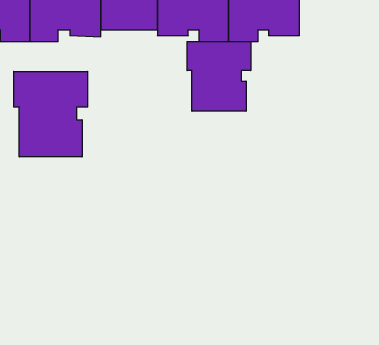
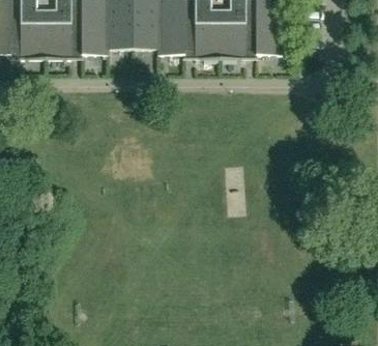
building: [187,42,251,111] -> none
building: [14,71,88,157] -> none

